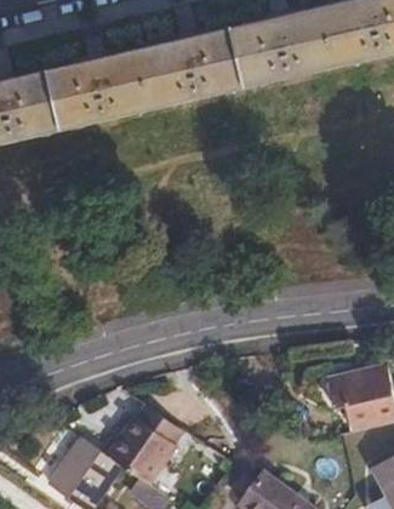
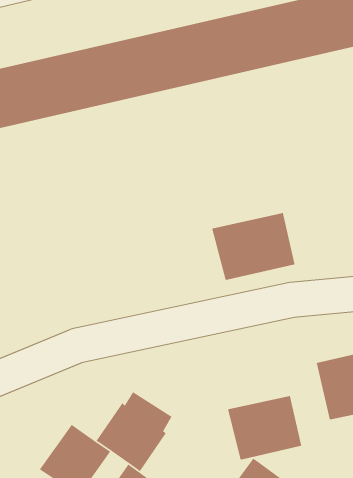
building: none -> [211,212,296,281]
building: none -> [227,395,302,460]

